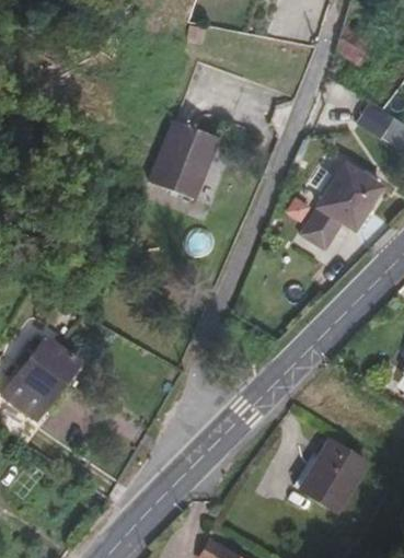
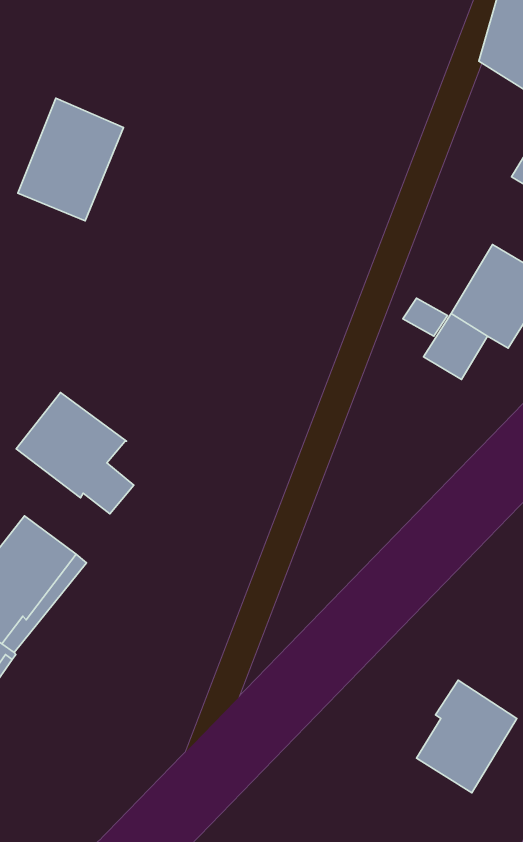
building: [150,119,217,197] -> [18,98,123,221]
building: none -> [16,393,134,514]

